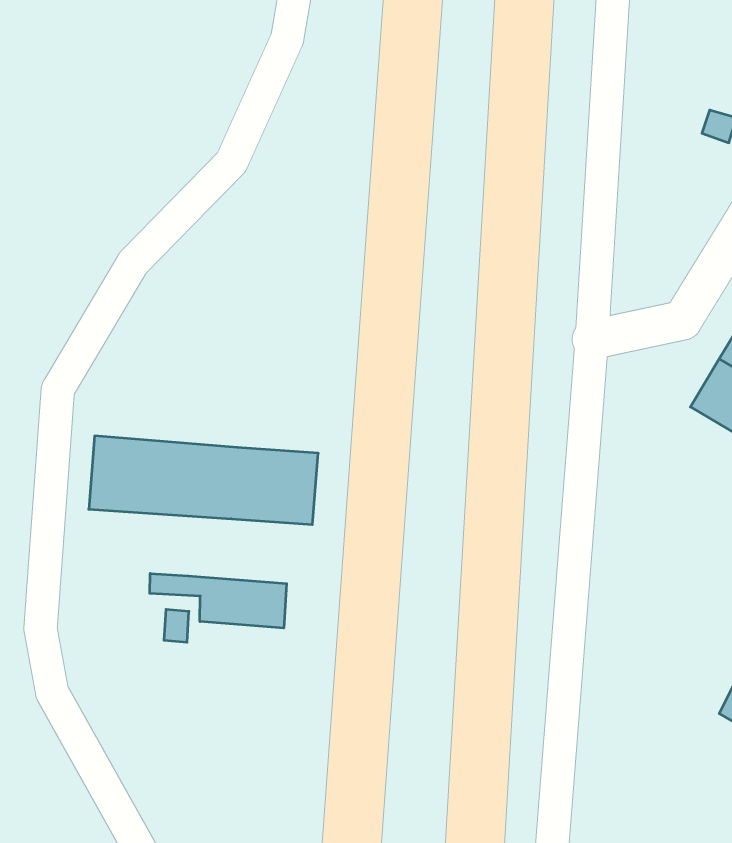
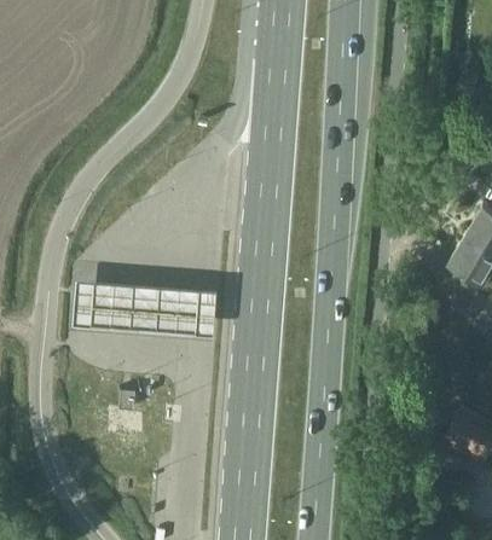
building: [150,573,287,628] -> none

